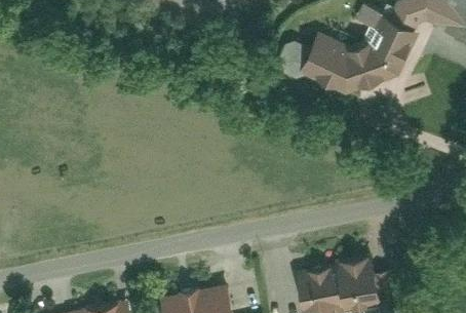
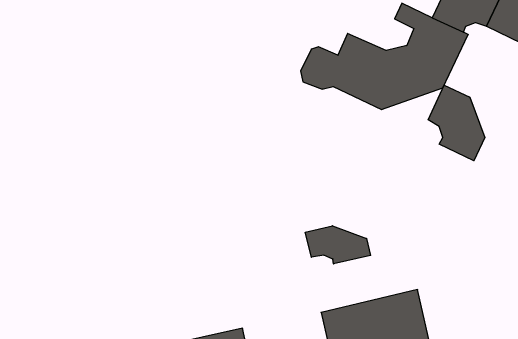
building: none -> [428,85,485,161]
building: none -> [305,226,371,264]

